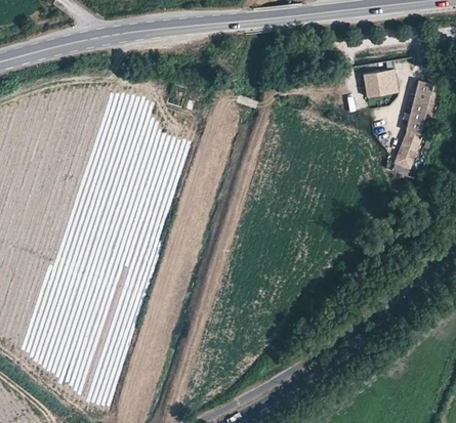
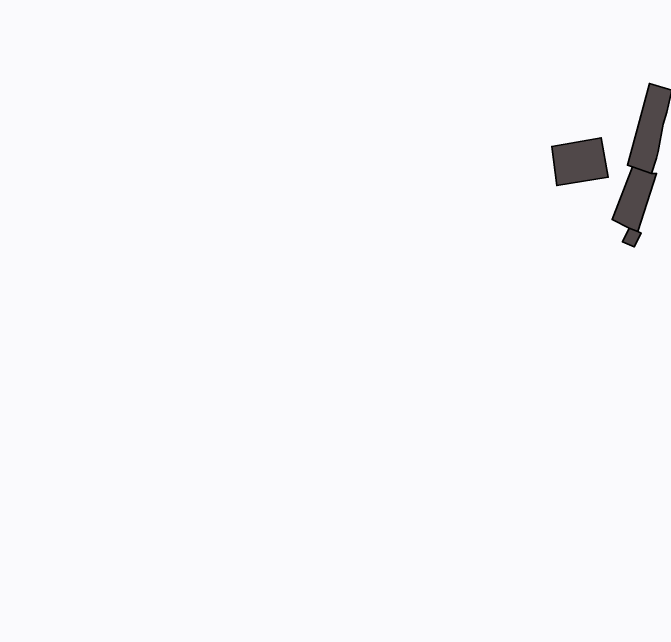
building: [364,69,398,97] -> [552,138,608,186]

